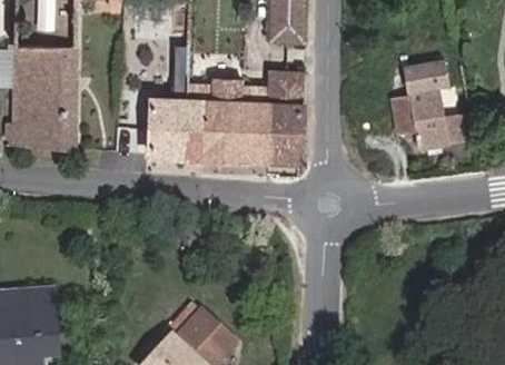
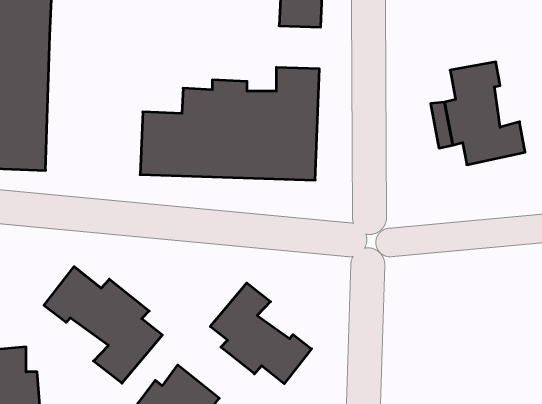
building: none -> [44,267,162,383]
building: none -> [210,283,312,384]

